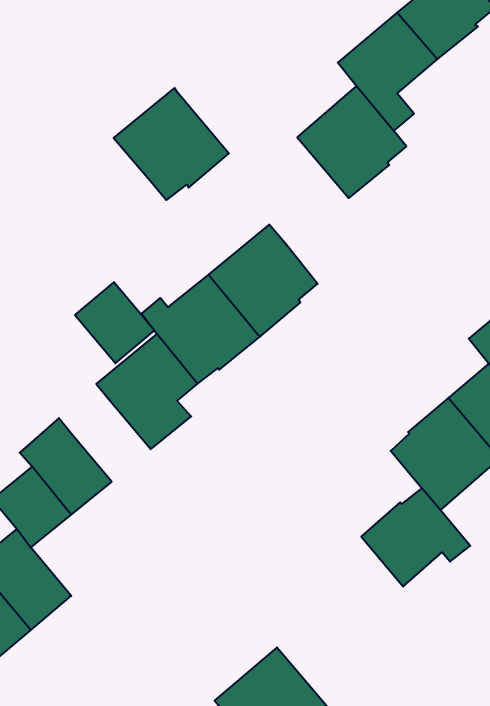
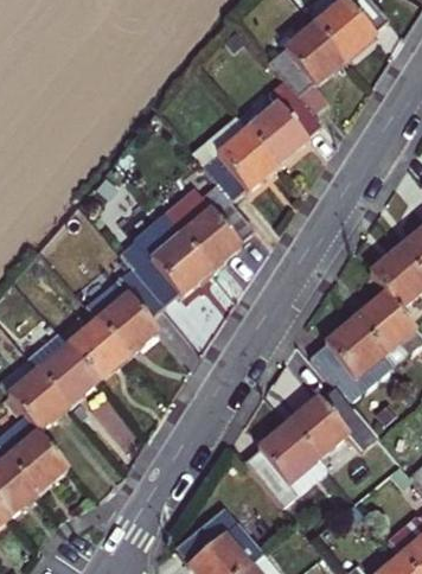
building: [114,88,229,200] -> [191,115,279,200]
building: [75,282,154,363] -> [68,319,128,381]
building: none -> [244,422,327,506]

